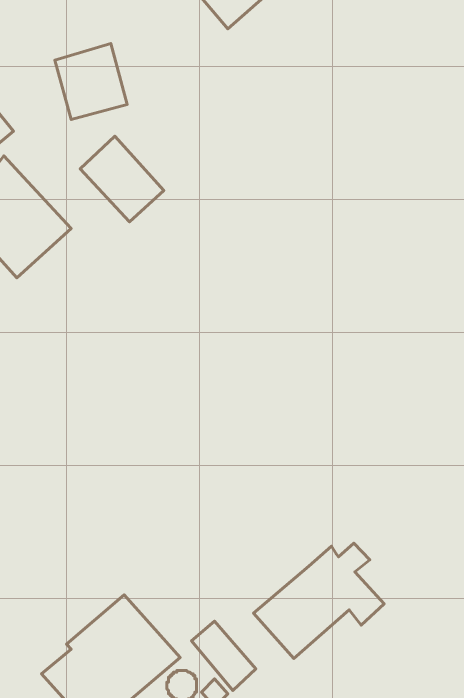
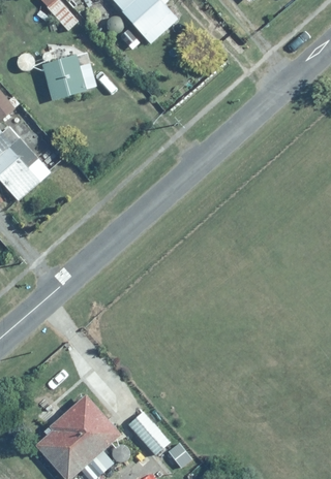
building: [80,136,164,222] -> none
building: [254,543,384,659] -> none

